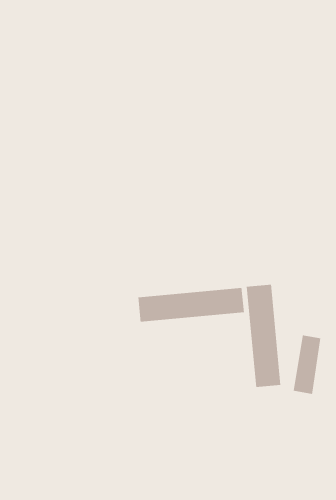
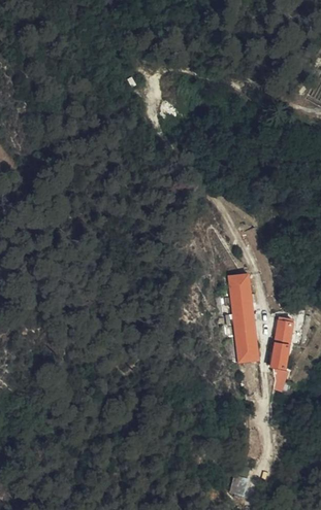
building: [138,287,244,323] -> none

